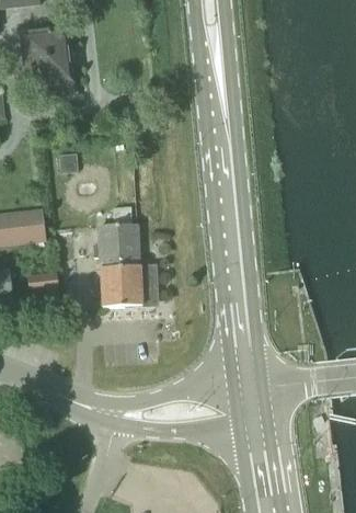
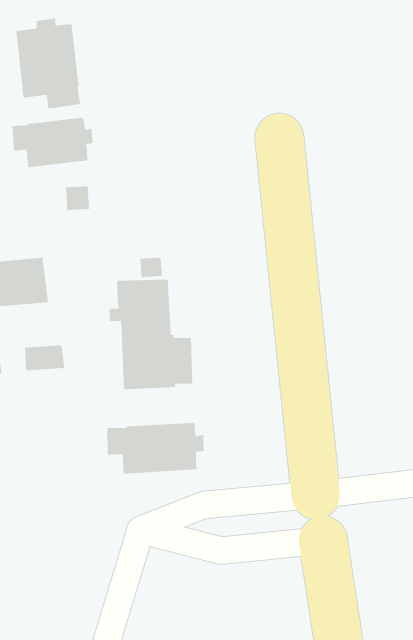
building: none -> [12,117,93,168]
building: none -> [107,422,204,474]

